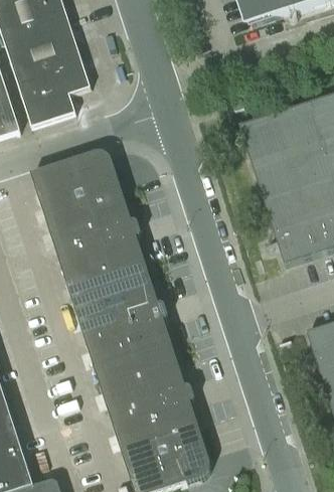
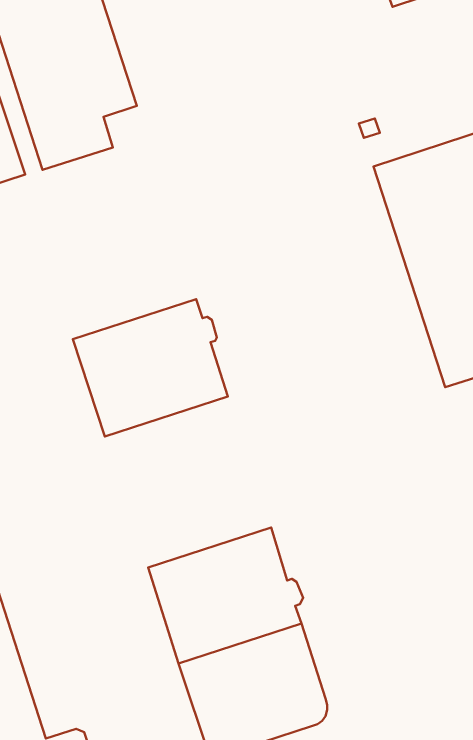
building: [31,153,128,234] -> none
building: [70,271,175,378] -> none

